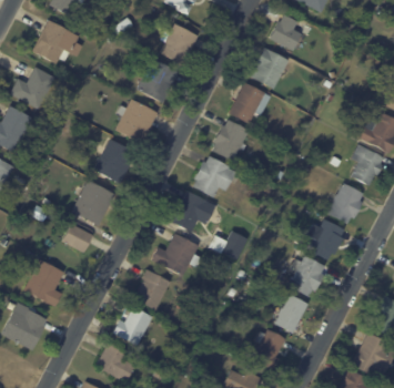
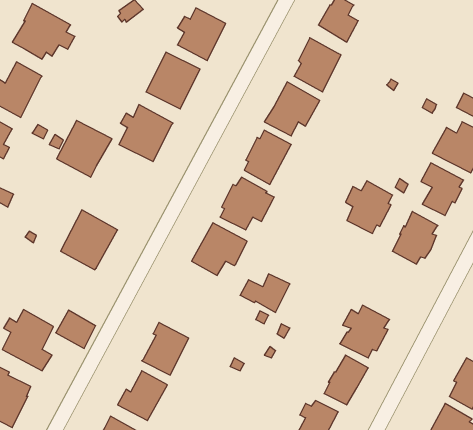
building: [94,140,138,184] -> [57,120,112,177]
building: [309,218,345,259] -> [346,181,393,233]
building: [62,223,93,253] -> [56,310,96,348]
building: [152,234,203,276] -> none

